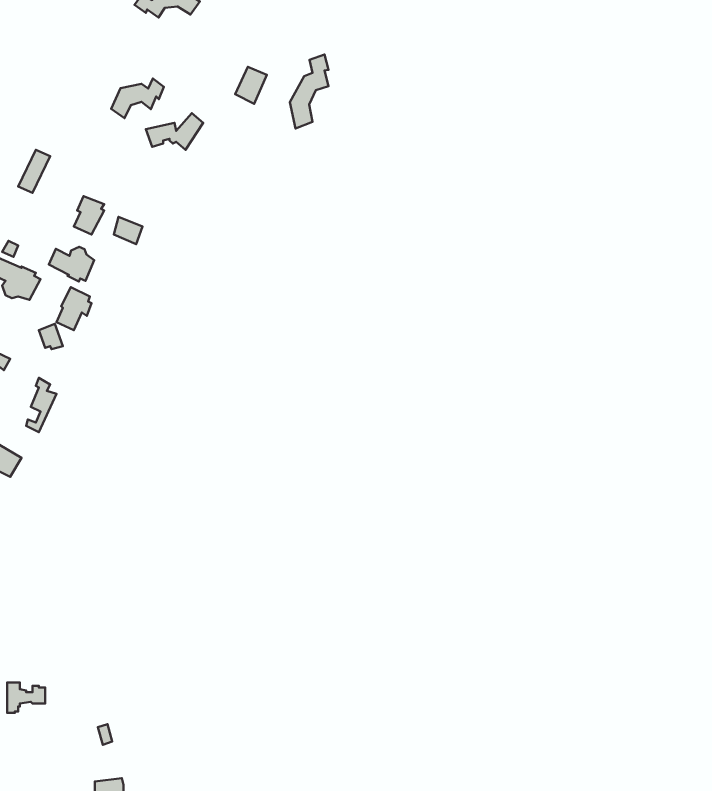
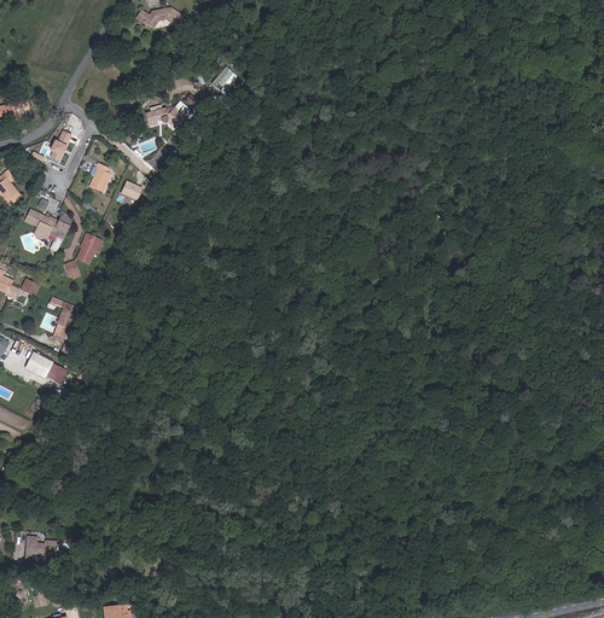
building: [290,54,328,128] -> none
building: [111,78,164,118] -> none
building: [49,247,94,282] -> none

